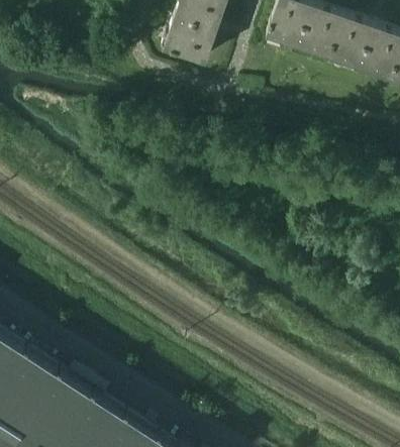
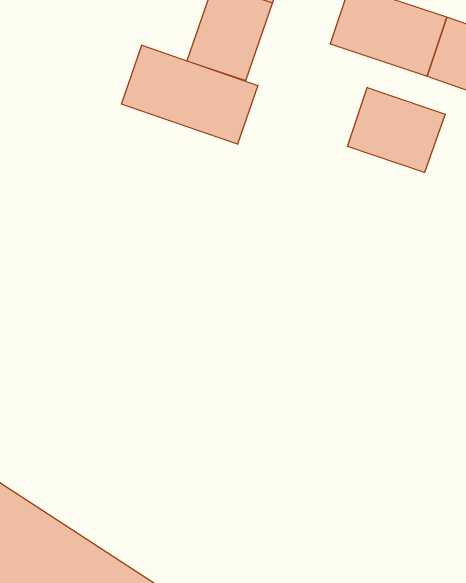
building: none -> [121,45,258,144]
building: none -> [348,87,445,172]

